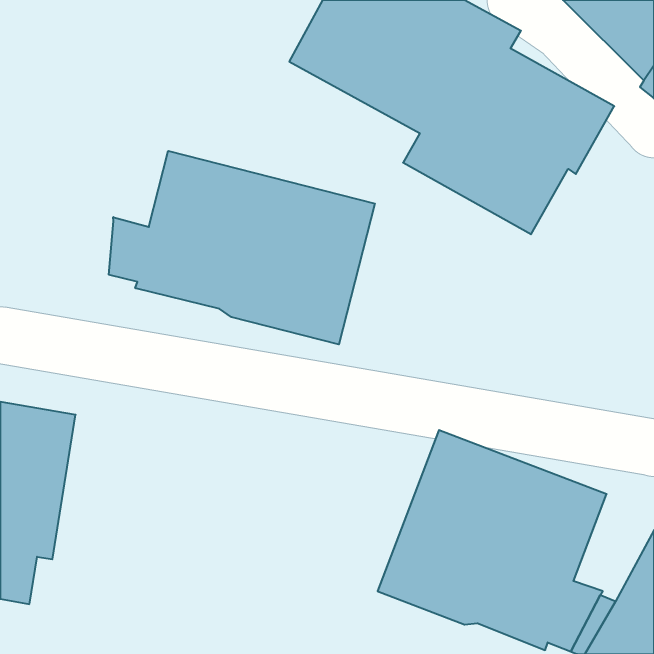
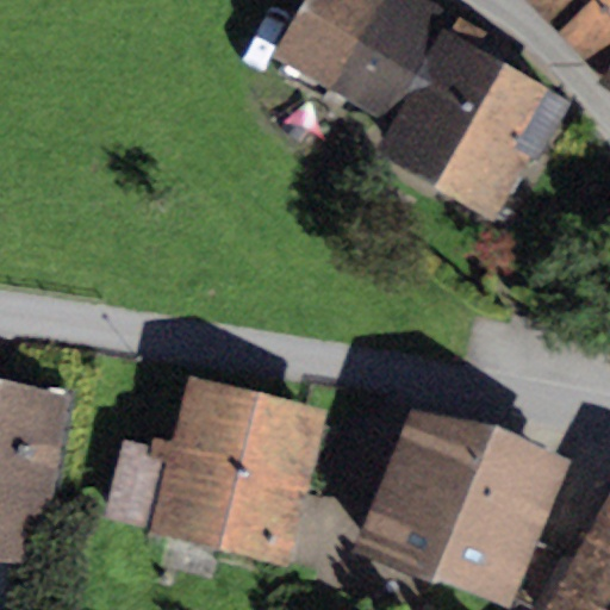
building: [109,151,375,344] -> none
building: none -> [101,376,328,565]

